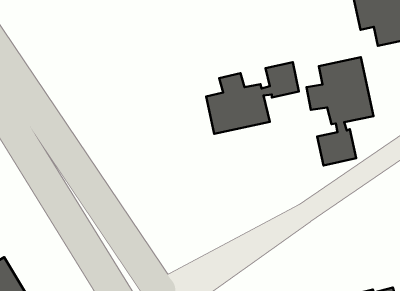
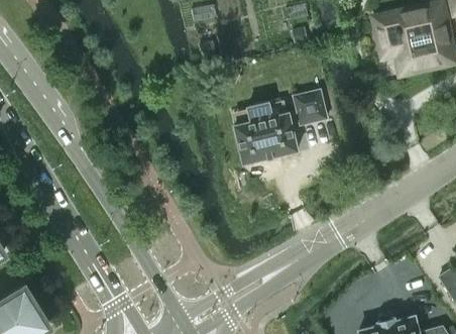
building: [306,57,374,166] -> none

